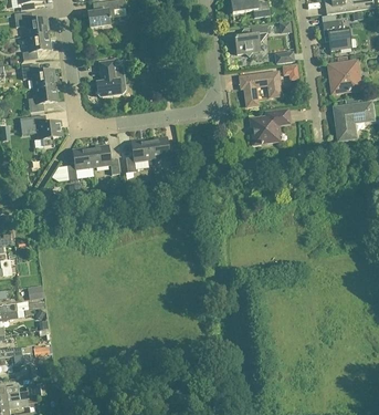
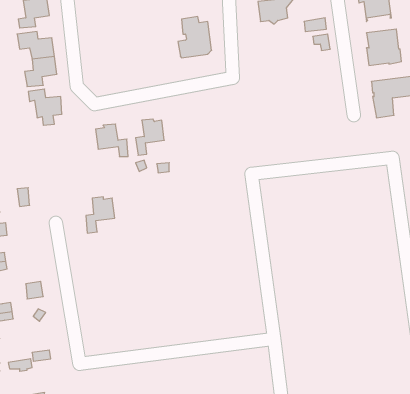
building: [95,59,125,95] -> [178,17,212,58]
building: [239,71,280,105] -> none
building: [250,108,288,143] -> none
building: [148,136,177,165] -> none
building: [66,147,92,179] -> [86,197,115,233]

